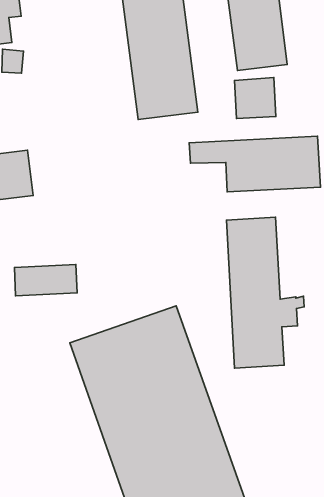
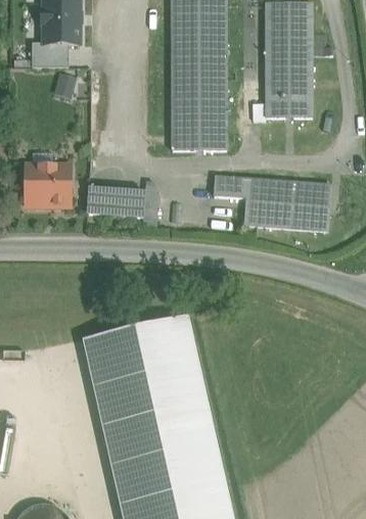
building: [234,77,276,119] -> none
building: [227,217,304,368] -> none
building: [14,264,77,296] -> [87,187,144,217]

